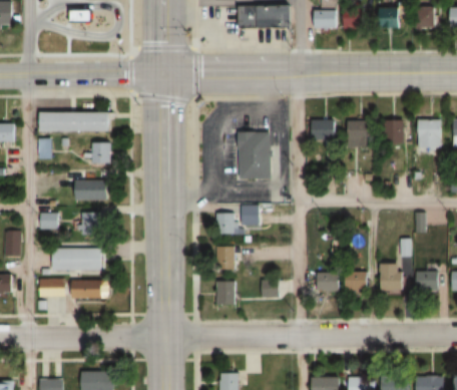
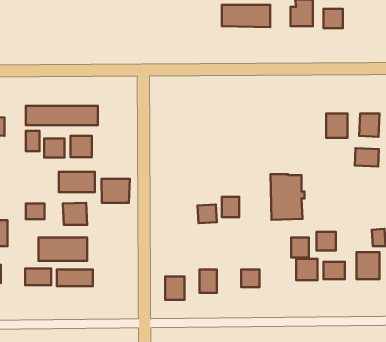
building: [380,8,402,31] -> none
building: [311,119,335,140] -> none
building: [238,132,273,179] -> [271,174,305,220]
building: none -> [44,138,64,157]
building: none -> [355,148,379,166]
building: none -> [102,179,130,203]
building: none -> [317,232,336,250]
building: [215,247,236,271] -> [165,277,185,300]
building: none -> [291,238,309,257]

